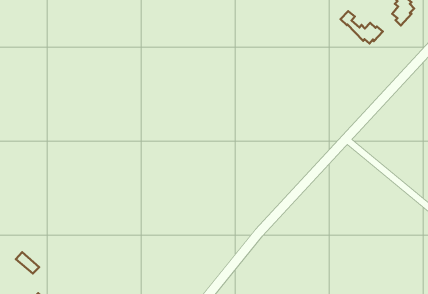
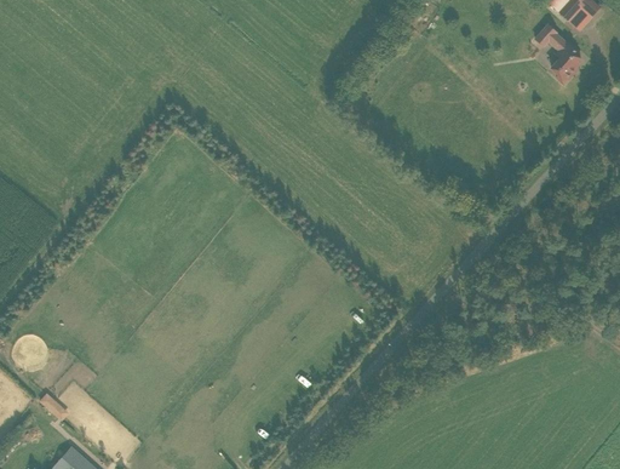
building: [341,11,383,43] -> none

